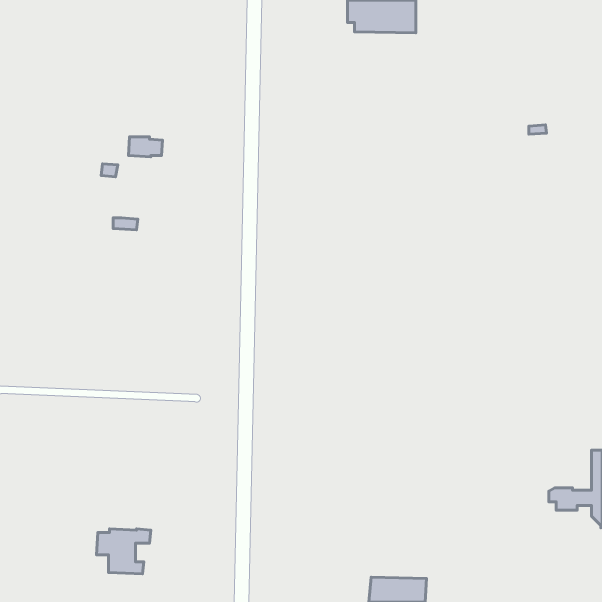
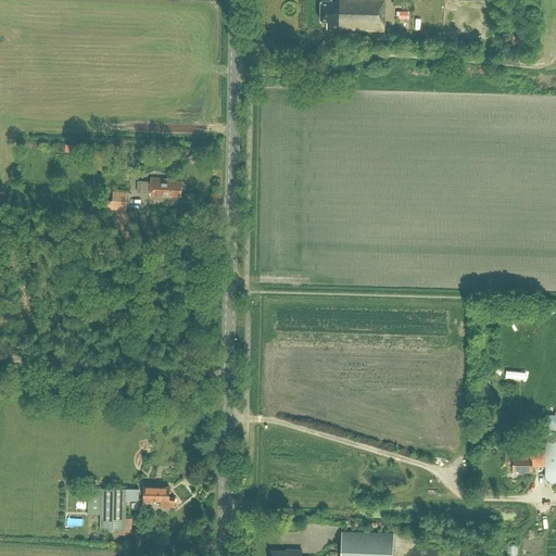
building: [128,137,163,157] -> [150,178,181,197]
building: none -> [143,485,175,507]

